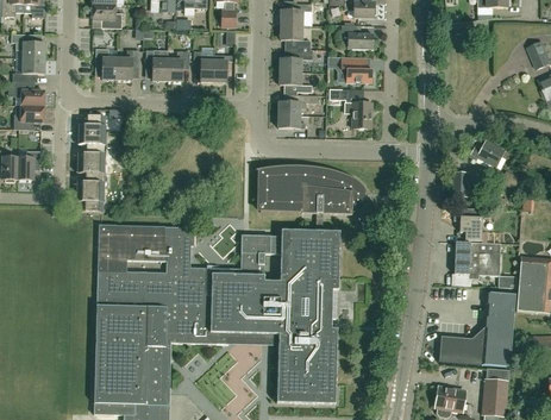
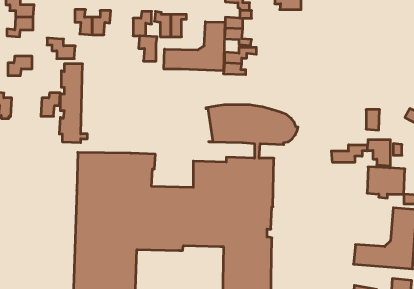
building: [145,50,168,81] -> [139,36,157,61]
building: [327,57,372,83] -> none
building: none -> [164,22,225,71]
building: [10,81,44,106] -> [47,38,75,59]
building: [330,89,371,128] -> none
building: [471,140,505,167] -> none
building: [17,151,40,180] -> [41,93,60,116]
building: none -> [331,145,367,162]

